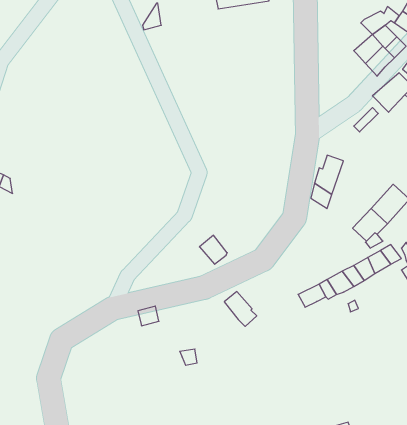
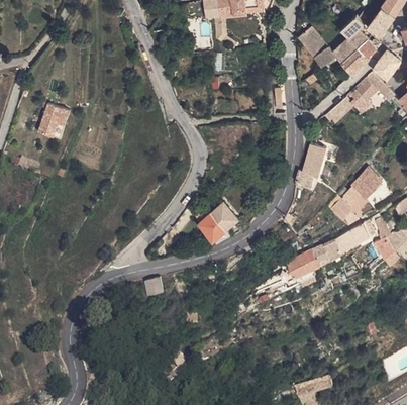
building: none -> [295,27,335,68]
building: none -> [323,92,364,121]
building: none -> [36,104,69,141]
building: [224,292,257,326] -> [211,204,239,234]

